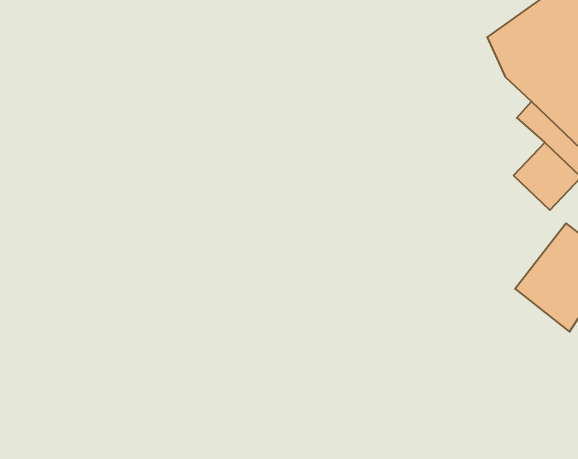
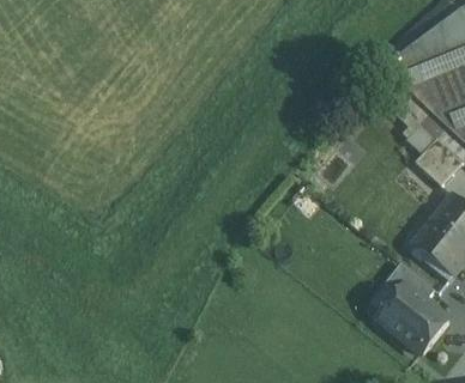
building: none -> [379,281,449,348]

